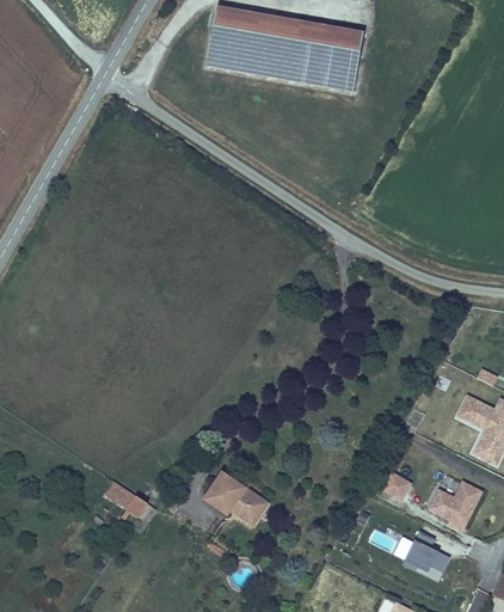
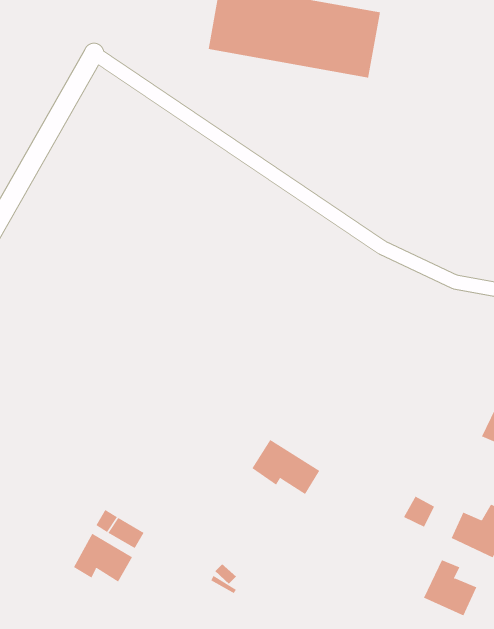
building: [204,473,266,524] -> [251,439,320,495]
building: none -> [73,533,133,582]

